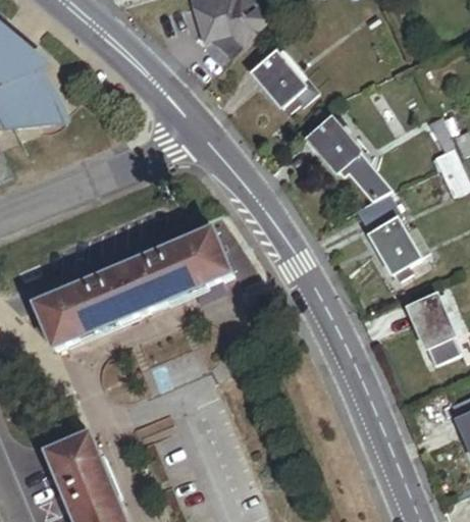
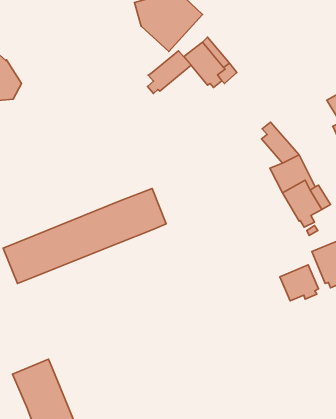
building: none -> [148,51,191,93]
building: [308,116,357,172] -> none
building: none -> [280,265,318,301]

